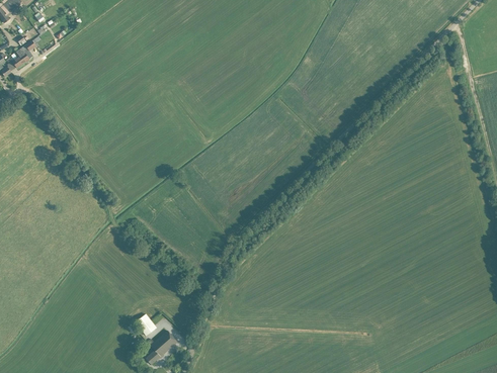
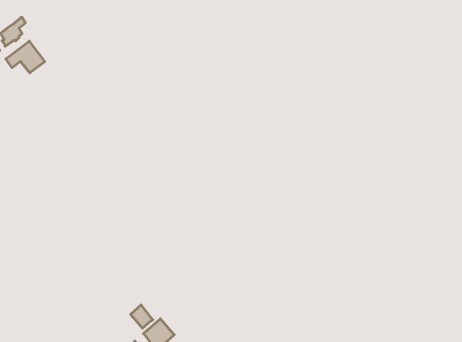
building: none -> [6,41,45,73]

